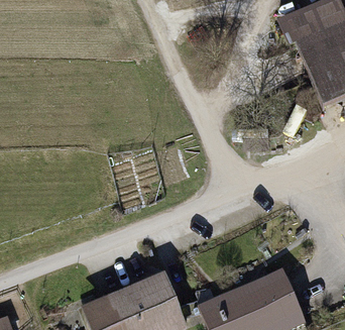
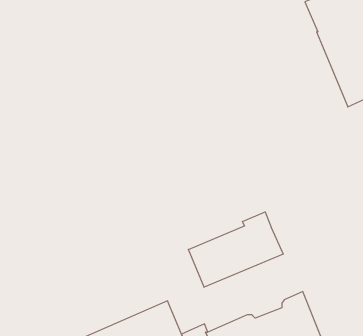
building: none -> [188,212,283,287]

